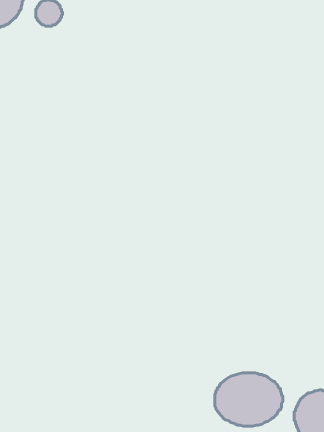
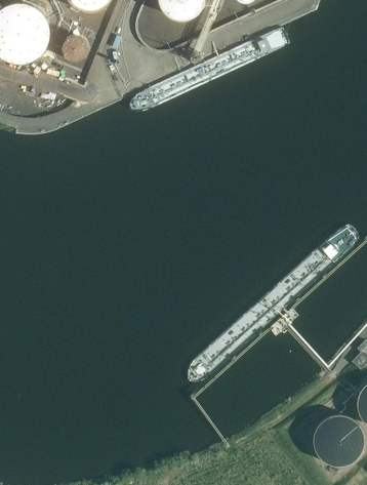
building: [215,373,283,426] -> none

